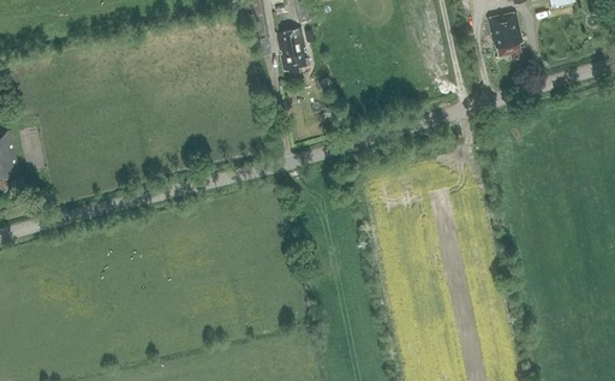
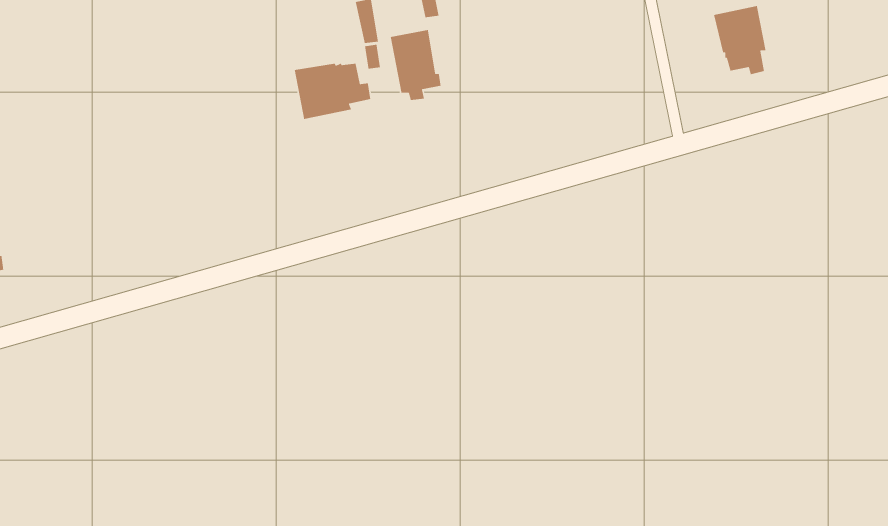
building: none -> [294,62,371,120]

